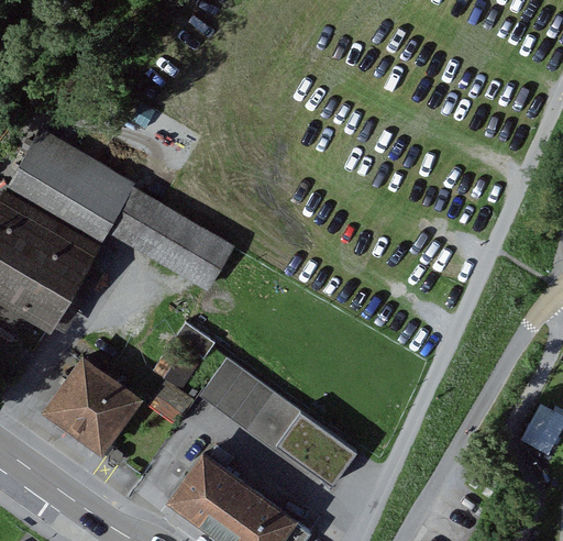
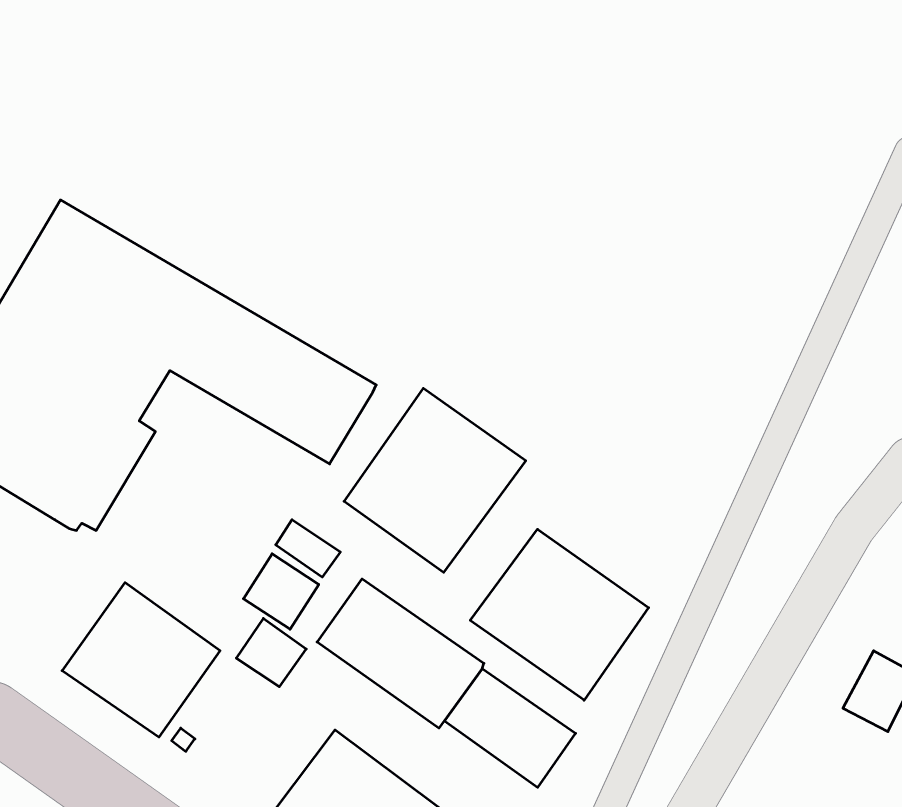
building: none -> [344,388,526,572]
building: none -> [470,529,649,700]

